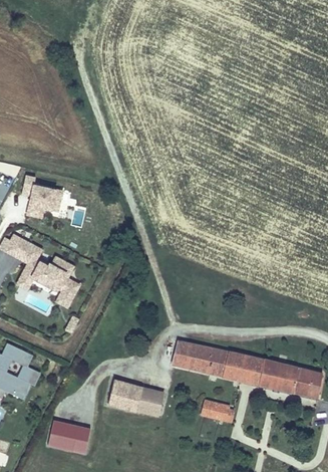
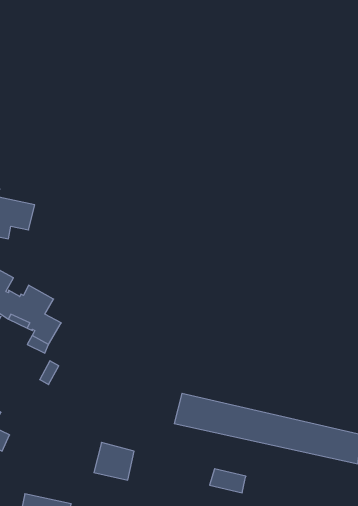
building: [134,387,161,415] -> none

